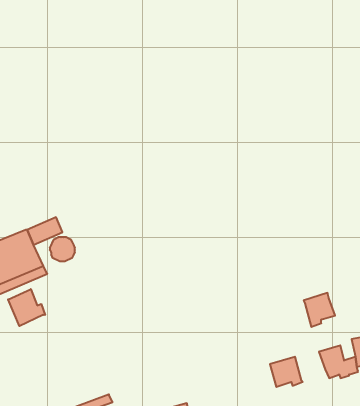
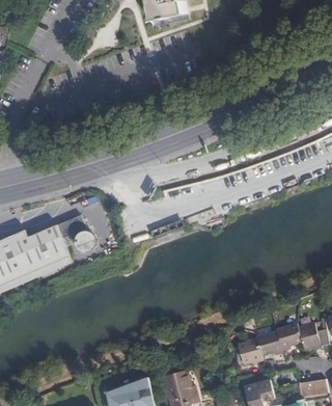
building: [8,289,45,326] -> none
building: [304,293,335,327] -> [274,323,300,351]
building: none -> [236,337,260,364]

